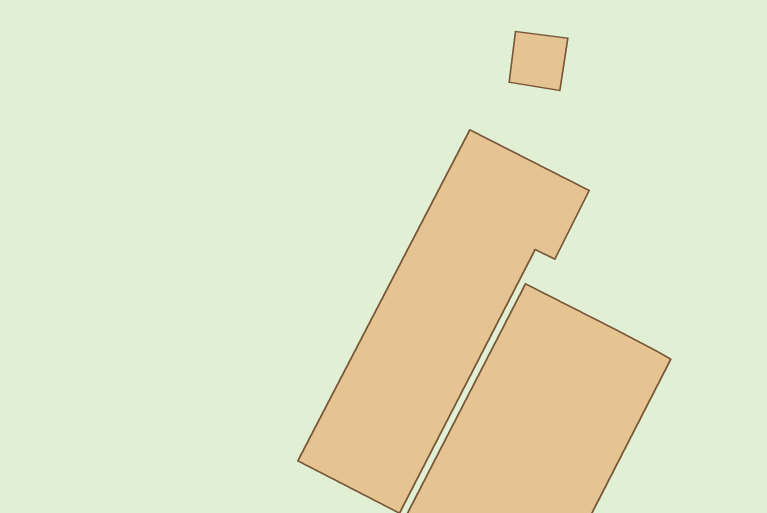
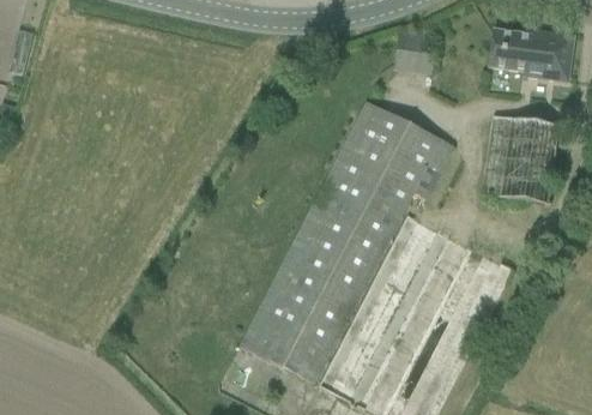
building: none -> [488,29,574,82]
building: none -> [481,115,562,204]

